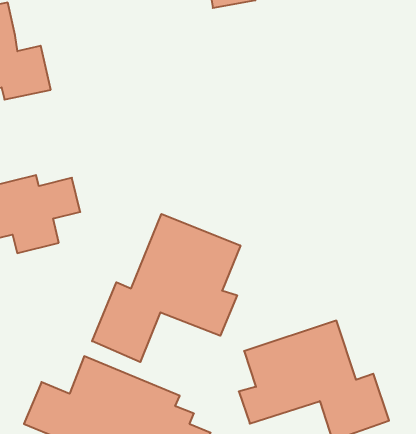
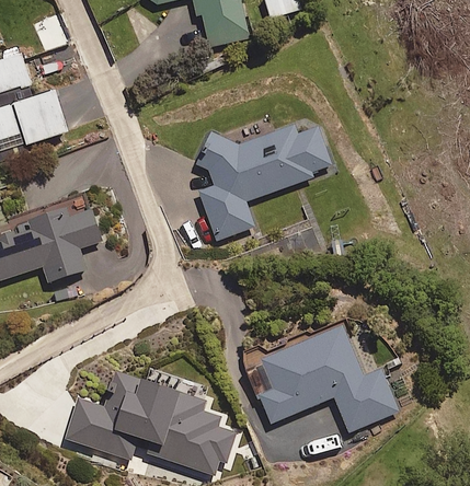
building: none -> [193,124,331,240]
building: [92,214,240,362] -> none

